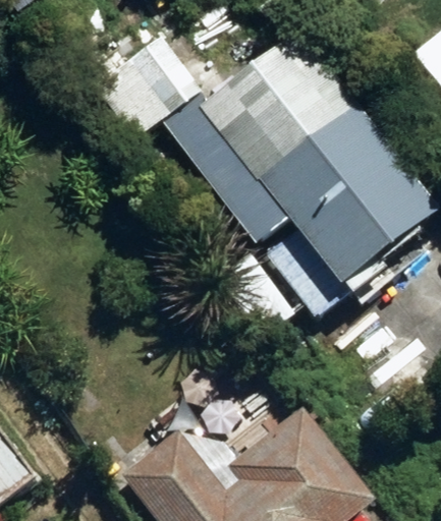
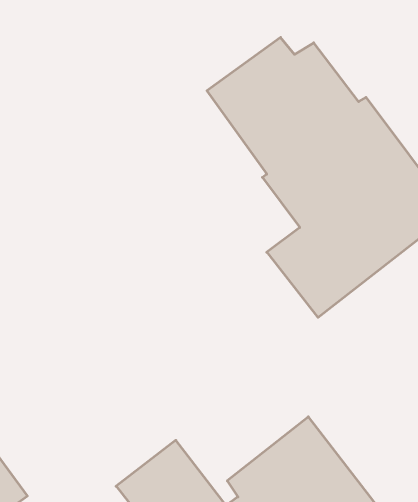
building: [89,32,198,136] -> none

